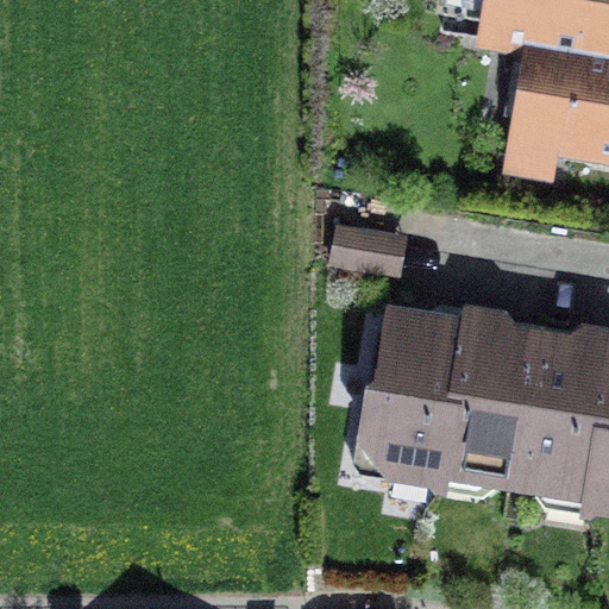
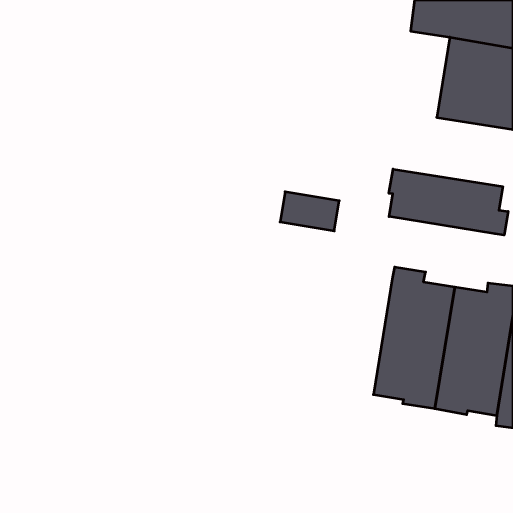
building: none -> [389,169,508,235]
building: [366,315,465,481] -> none

